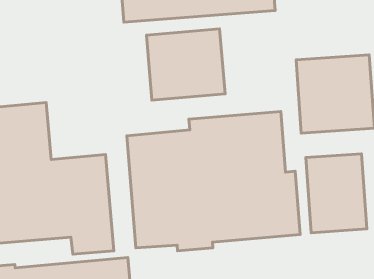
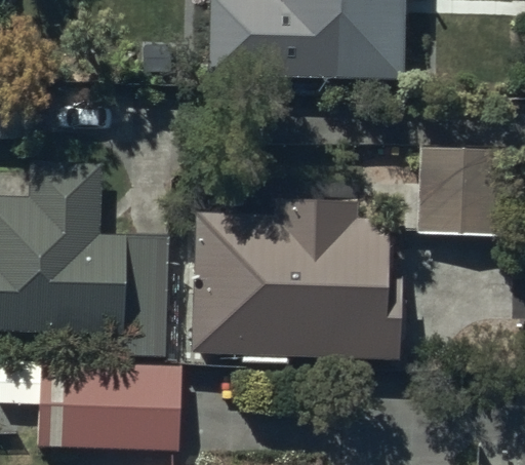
building: [146,29,225,100] -> none
building: [306,154,367,233] -> none

